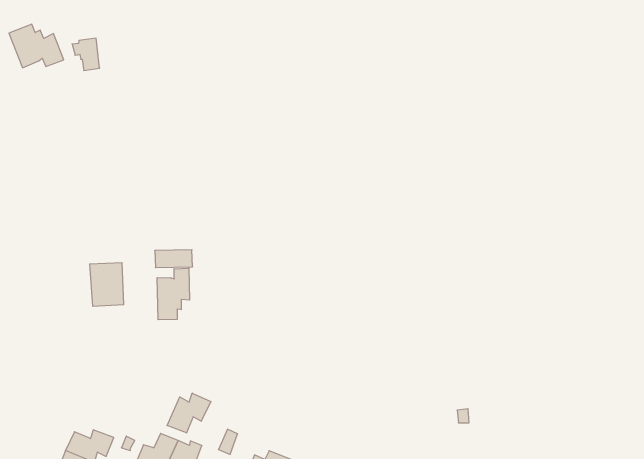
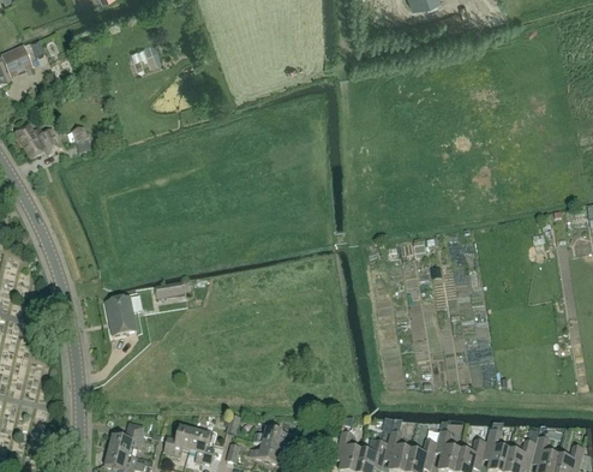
building: [157,268,190,320] -> none
building: [167,393,211,433] -> none

